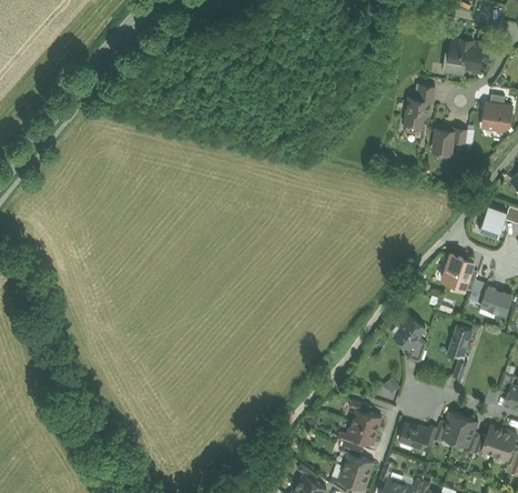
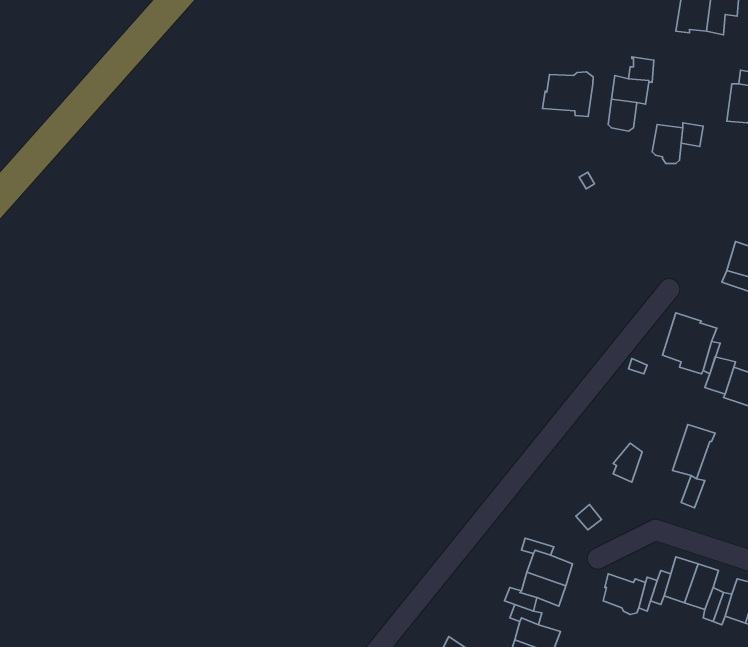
building: none -> [542,72,593,117]
building: [392,315,426,351] -> none

